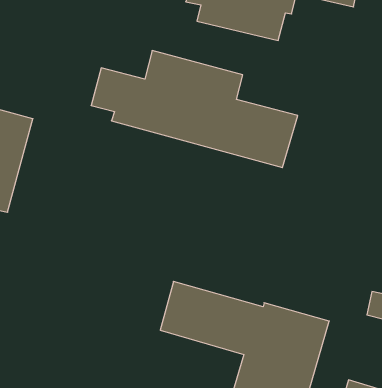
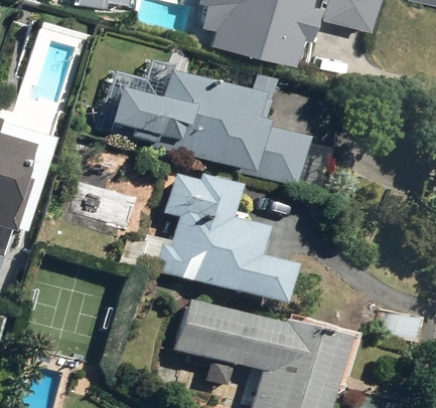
building: none -> [156,173,293,303]

